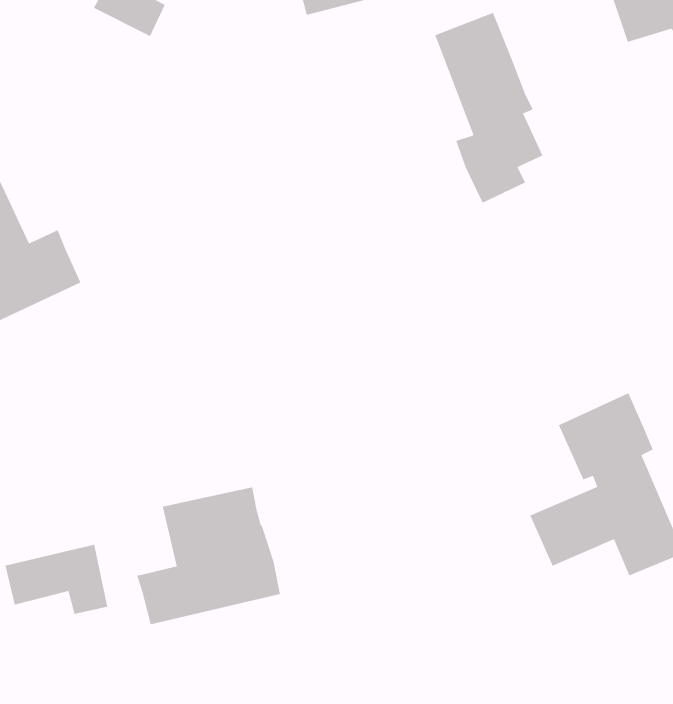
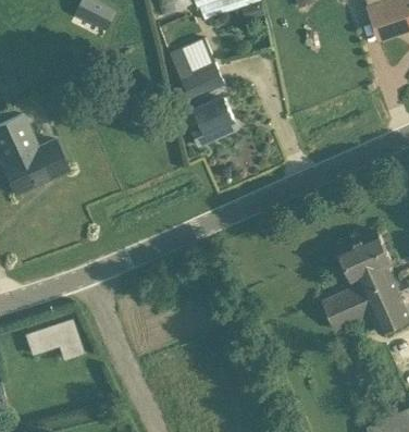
building: [434,12,544,204] -> [172,38,234,147]
building: [136,486,281,625] -> none

